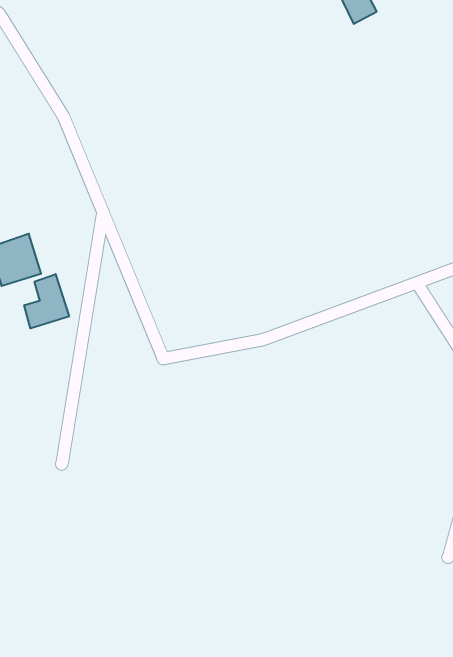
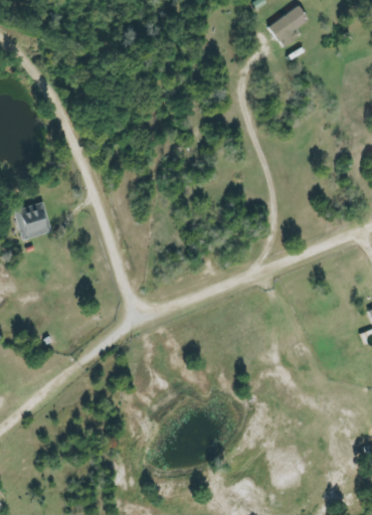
building: [24,274,69,328] -> none

